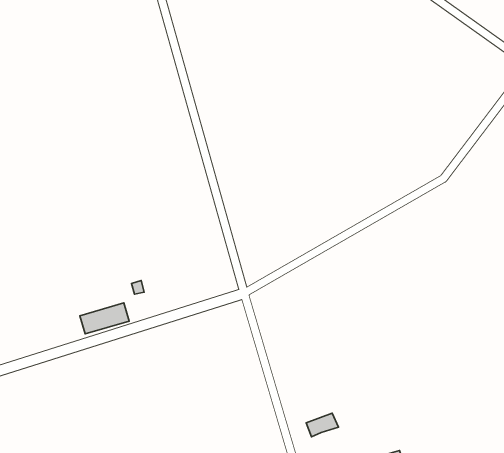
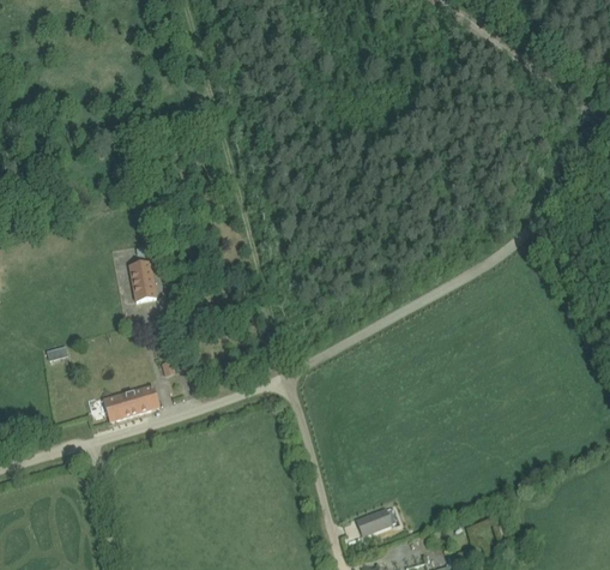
building: none -> [131,263,156,300]

